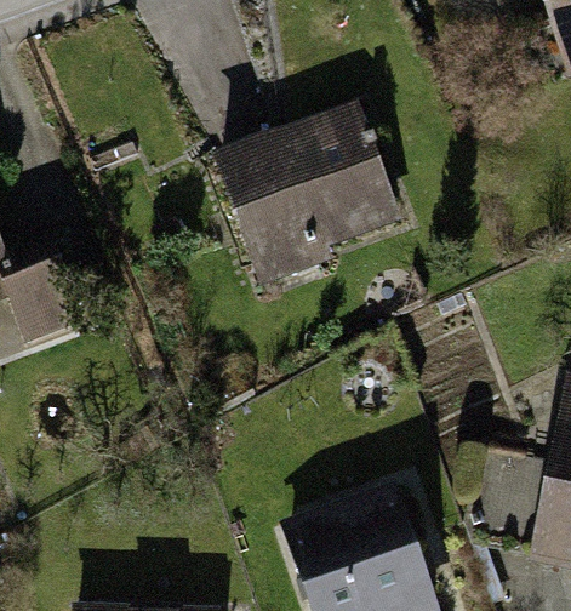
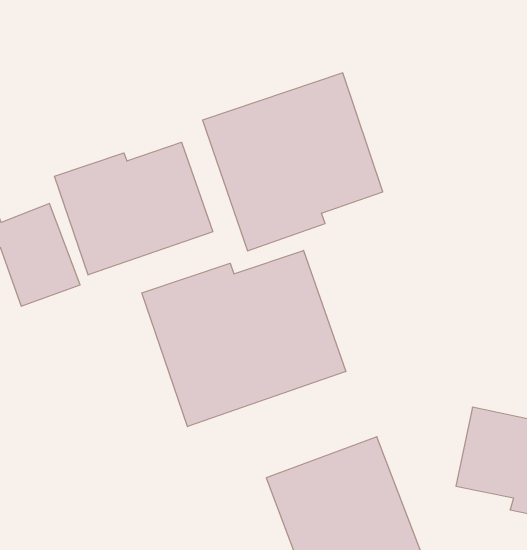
building: none -> [54,142,213,275]
building: none -> [142,250,346,427]

